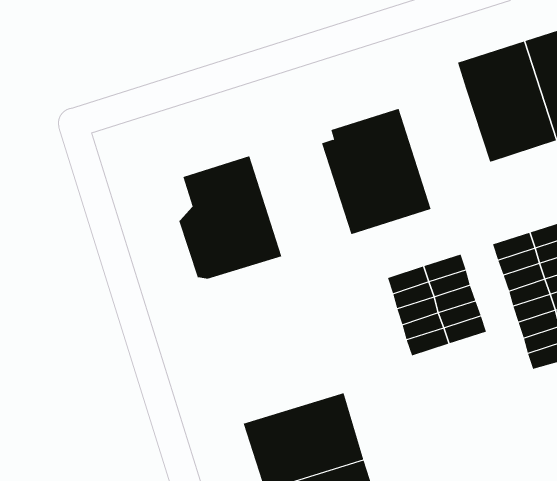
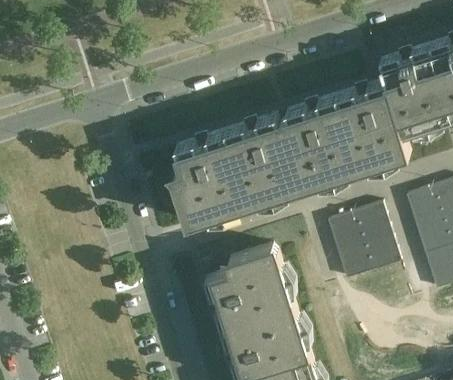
building: none -> [335,79,409,169]
building: none -> [224,113,299,204]
building: none -> [203,244,294,328]

